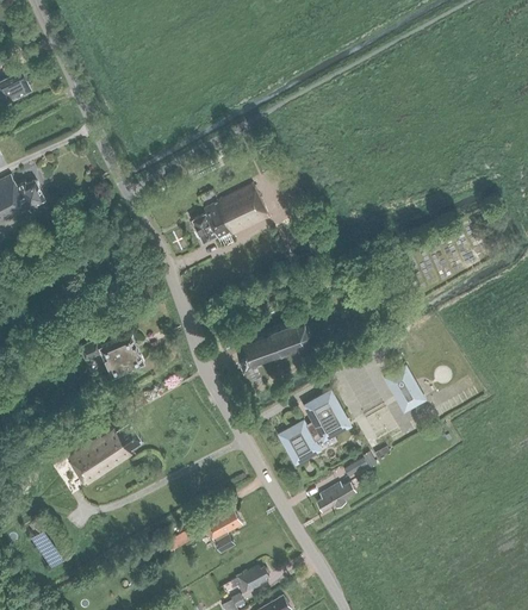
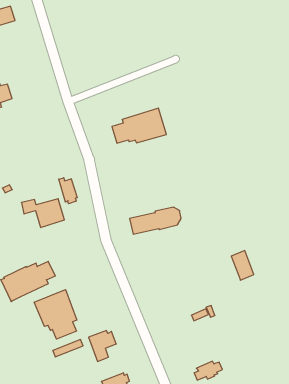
building: none -> [59,178,77,204]
building: [280,393,347,461] -> none
building: none -> [34,290,77,339]
building: [316,481,355,511] -> [194,361,222,380]

